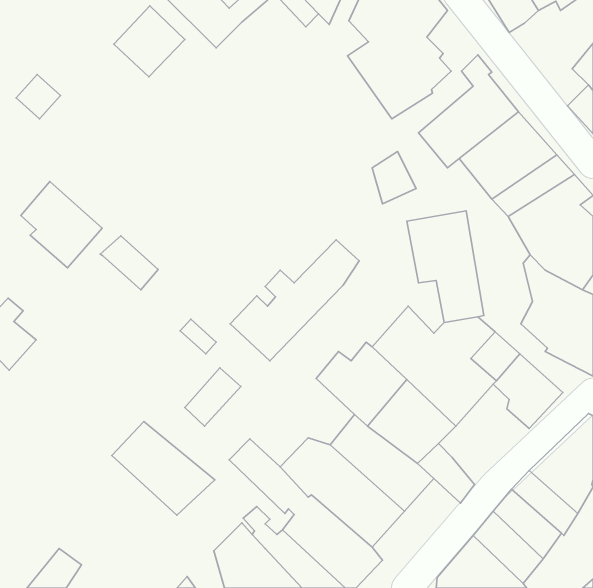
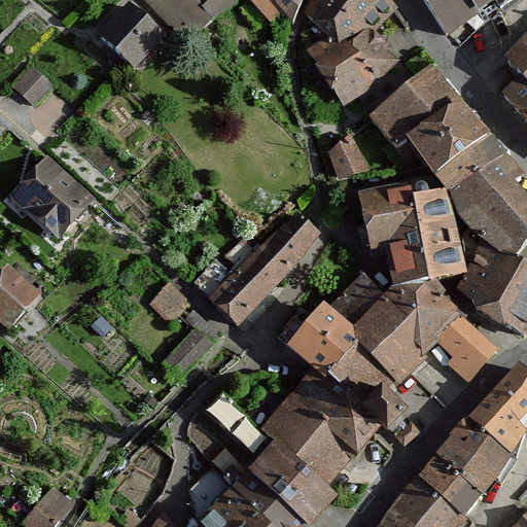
building: none -> [412,178,460,279]
building: [100,236,158,290] -> none
building: [112,421,215,515] -> none

